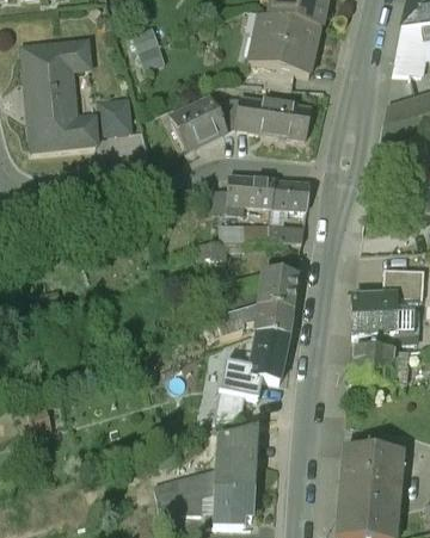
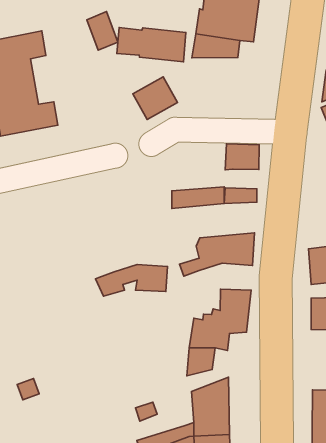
building: [236,95,312,137] -> [117,27,186,62]
building: [100,98,133,132] -> none
building: [222,173,275,211] -> none
building: [215,303,293,334] -> [96,264,167,296]

